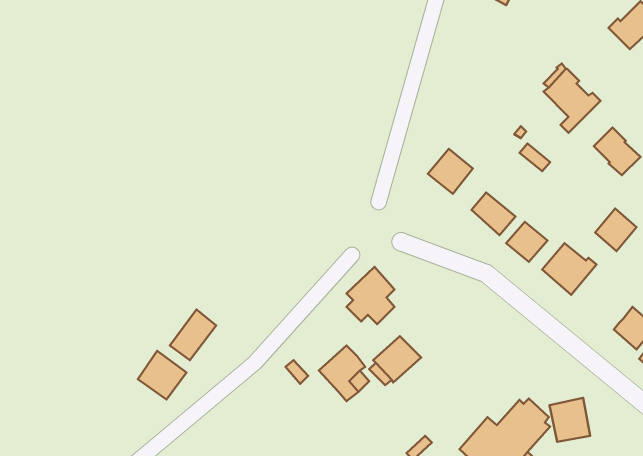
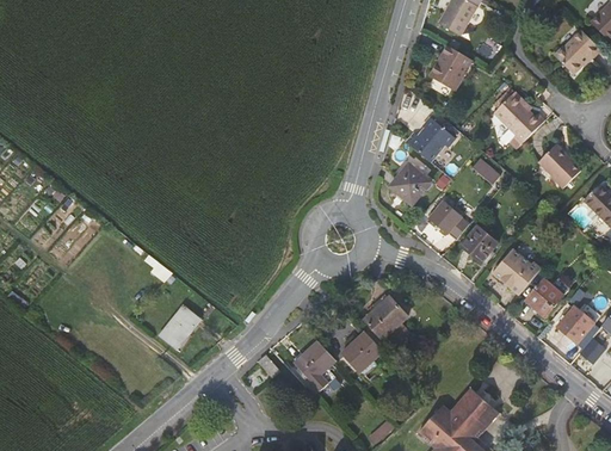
building: none -> [432,47,473,92]
building: none -> [406,117,455,161]
building: [595,209,636,251] -> [525,280,562,319]
building: [347,267,394,324] -> [364,296,407,347]
building: [138,351,187,399] -> none
building: [550,398,590,442] -> none

